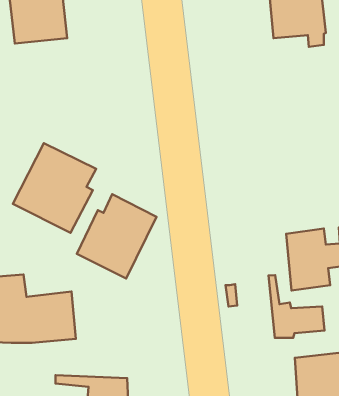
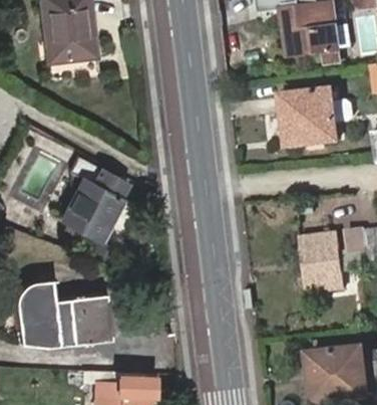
building: none -> [284,91,338,147]
building: [77,194,156,278] -> none
building: [268,275,325,338] -> none

